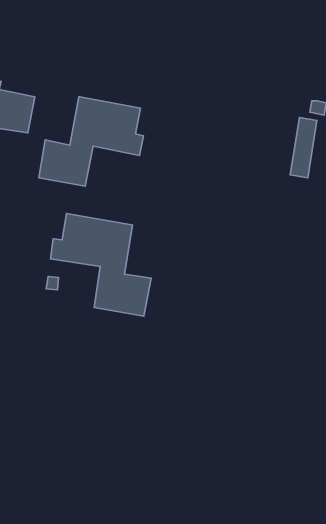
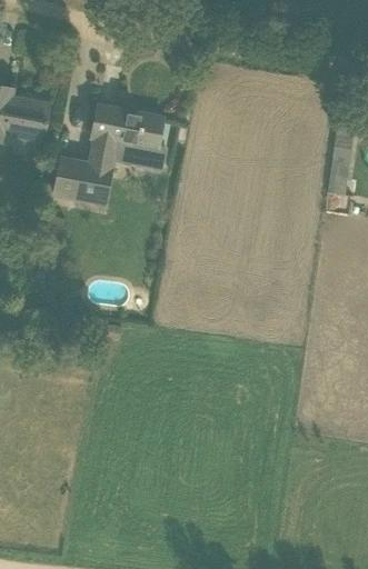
building: [50,214,151,316] -> none

